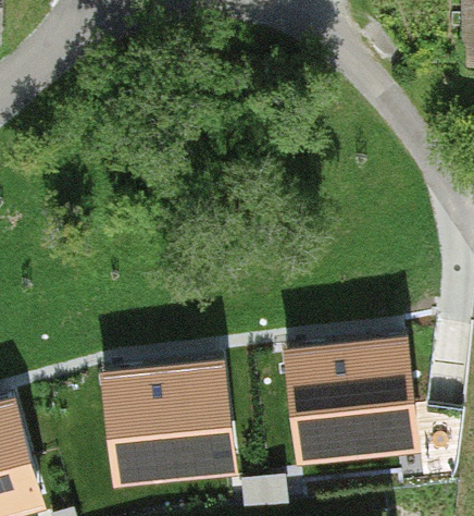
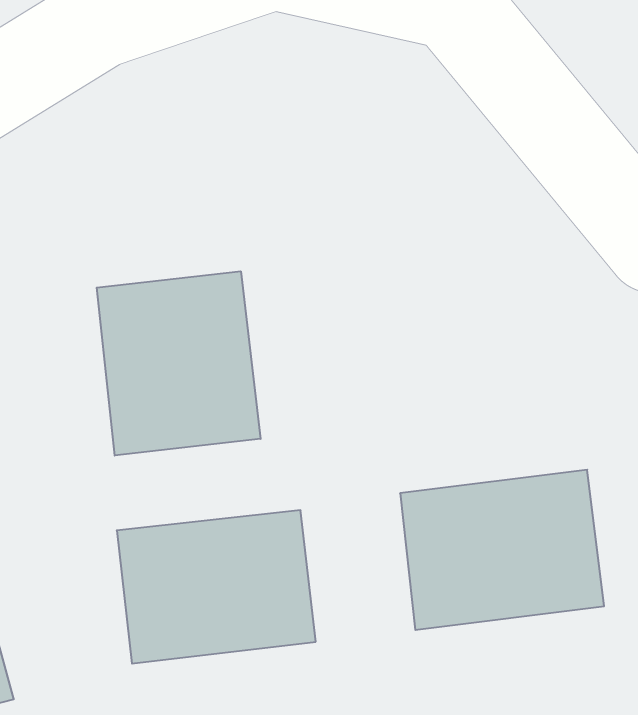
building: none -> [97,271,261,456]

